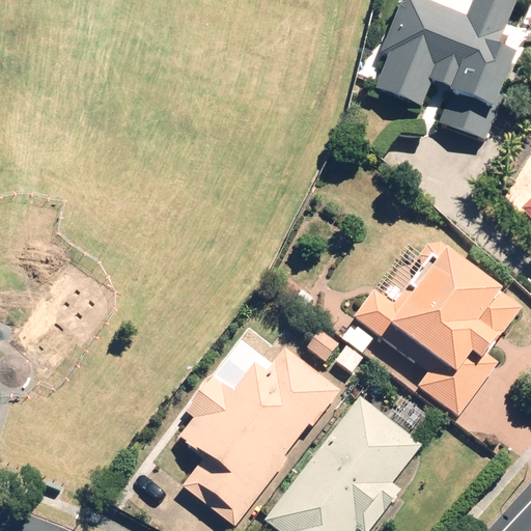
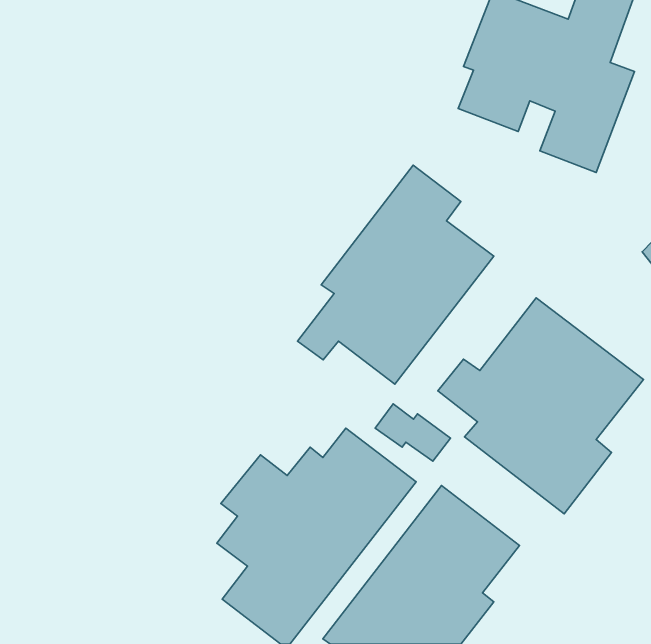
building: none -> [298,165,494,384]

